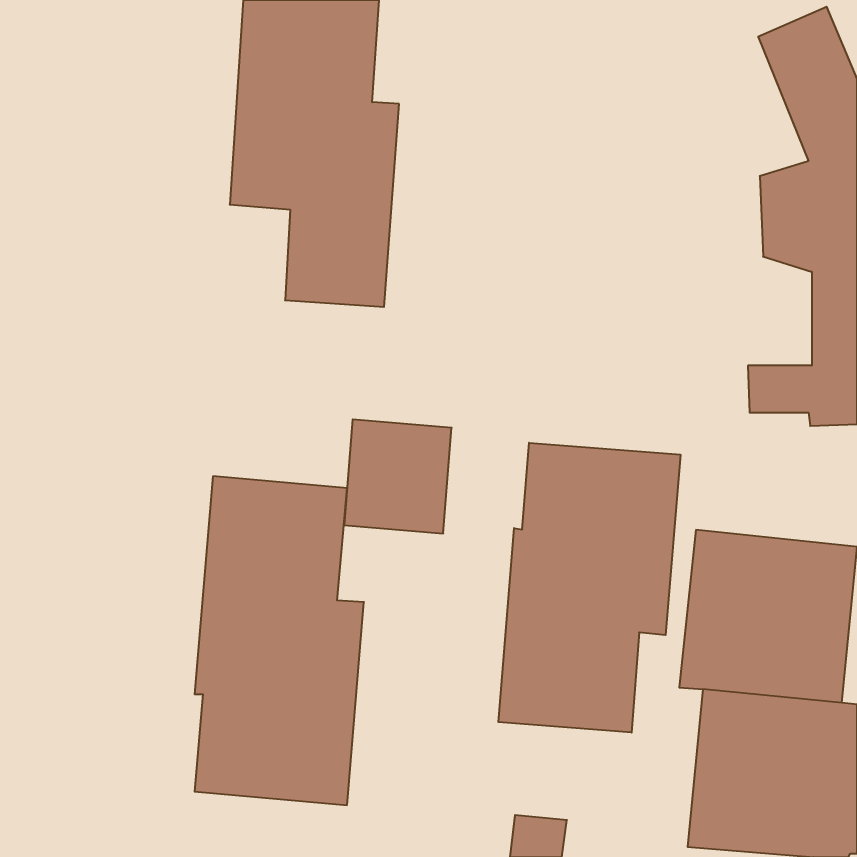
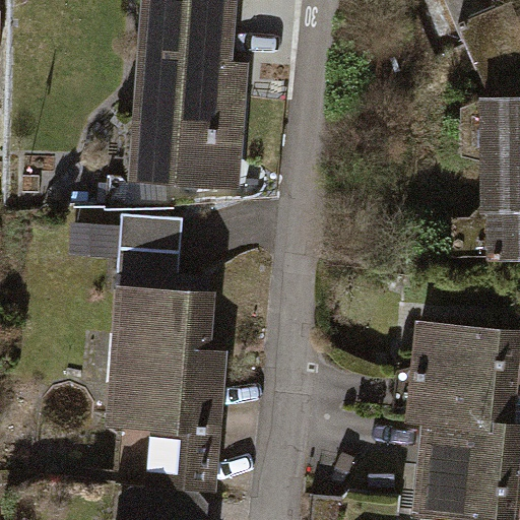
building: [344,419,452,533] -> [118,212,183,281]
building: [498,443,680,733] -> none

